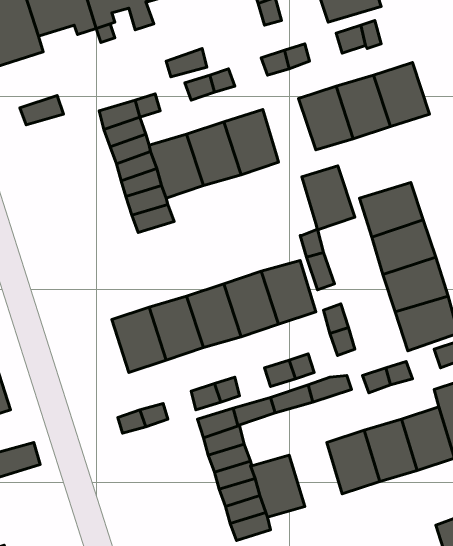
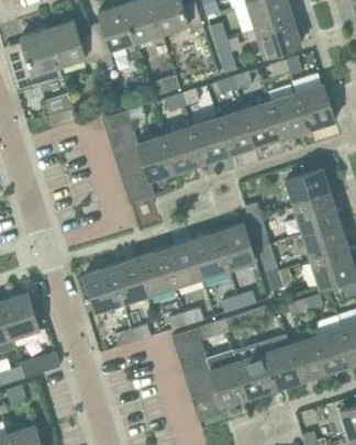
building: [302,166,355,230] -> [218,110,255,155]
building: none -> [84,266,123,311]
building: none -> [236,353,274,398]

